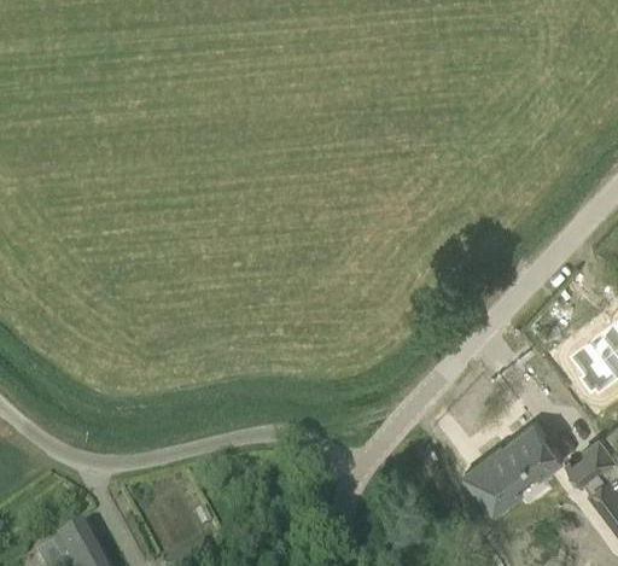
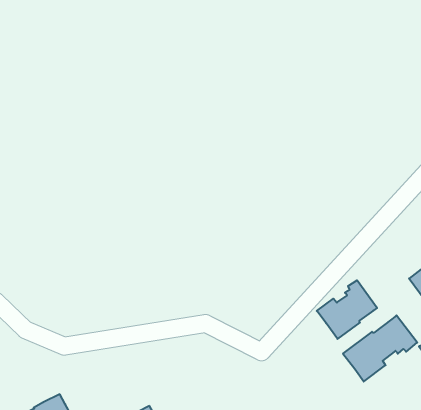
building: none -> [317,280,377,339]

